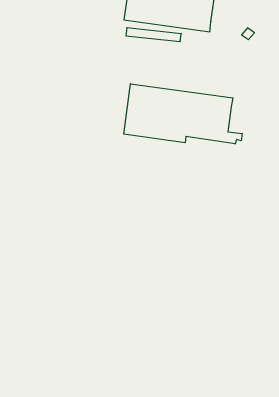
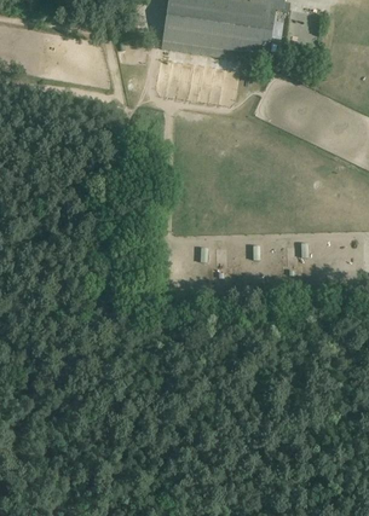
building: [124,84,242,144] -> none

